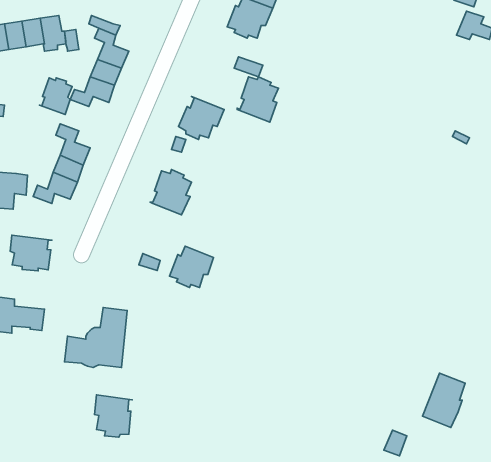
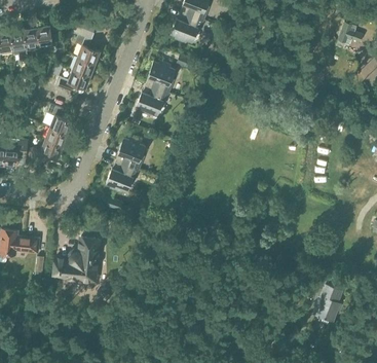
building: [237,77,278,122] -> [145,61,175,94]
building: [40,78,72,115] -> none
building: [10,235,52,271] -> none
building: [169,246,214,287] -> [106,161,138,191]
building: [94,395,132,437] -> none

